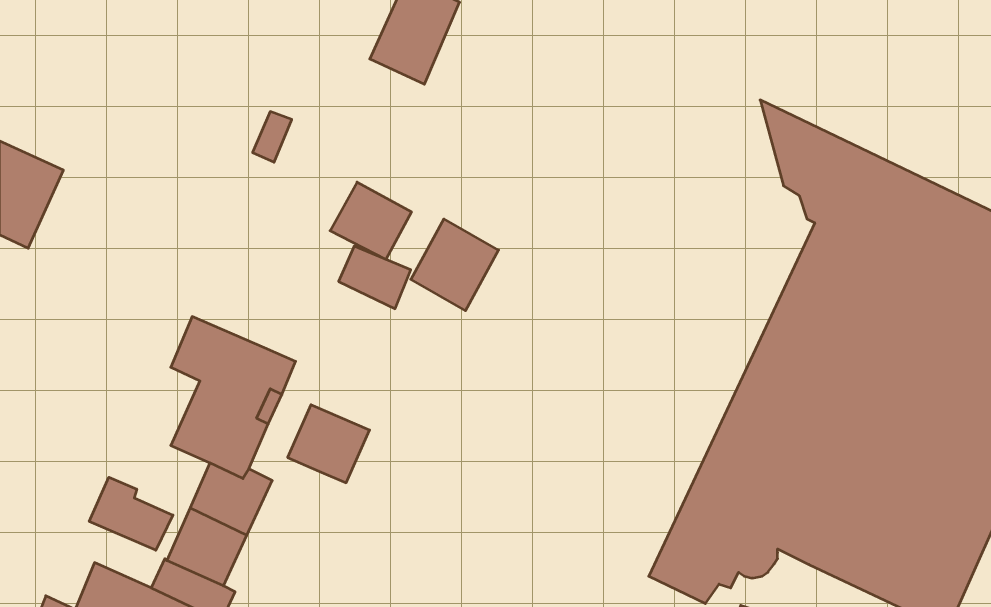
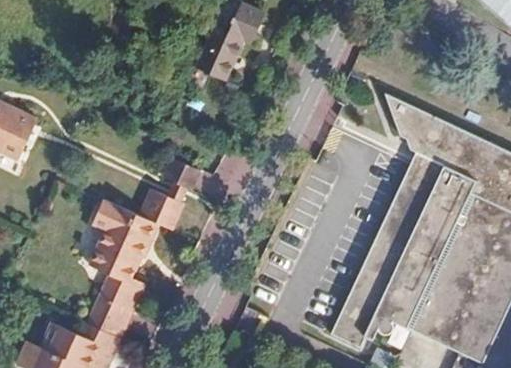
building: [330,182,411,259] -> none
building: [288,405,370,483] -> [136,189,178,229]
building: [89,477,173,550] -> none

